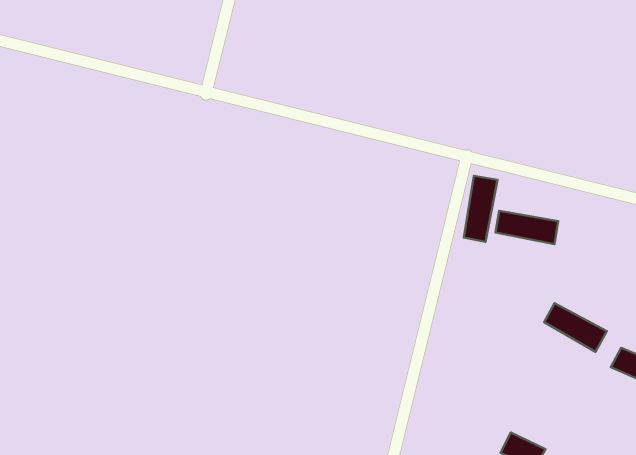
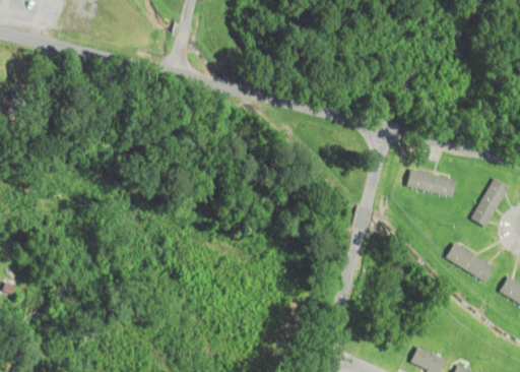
building: [464,176,497,242] -> none
building: none -> [470,177,509,227]

